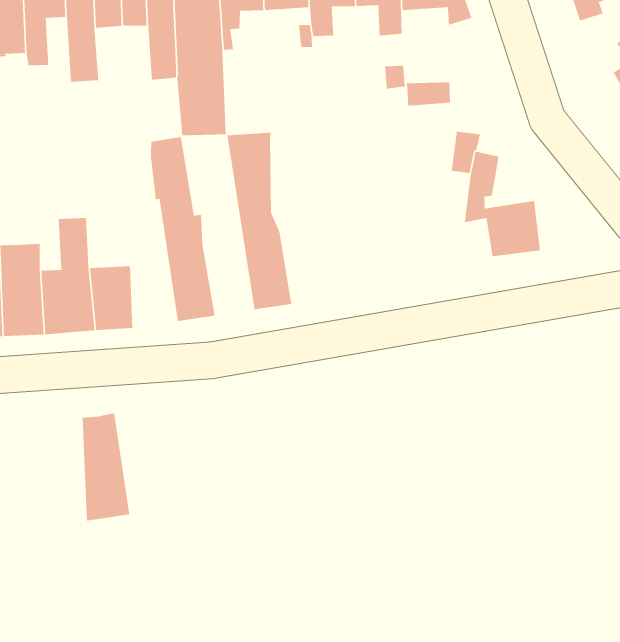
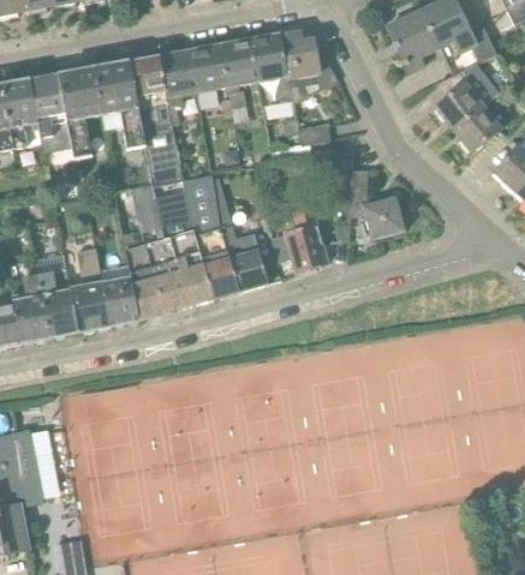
building: none -> [153,179,216,301]
building: none -> [213,176,267,287]
building: none -> [286,204,327,271]
building: [82,412,130,522] -> [125,241,166,317]

